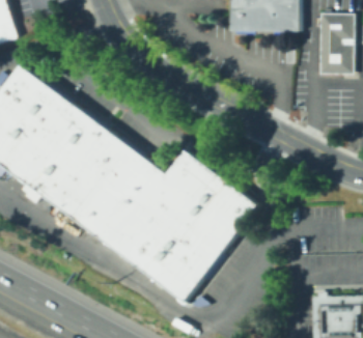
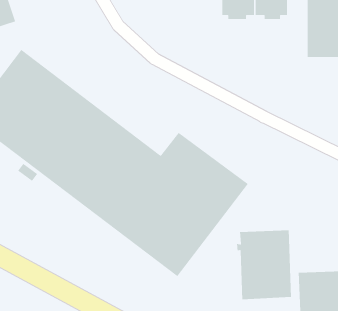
building: none -> [236,230,292,300]

